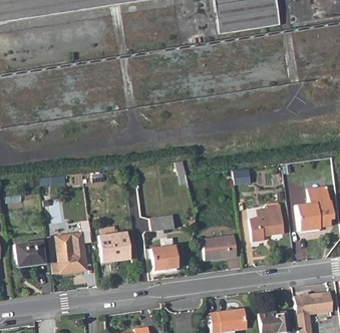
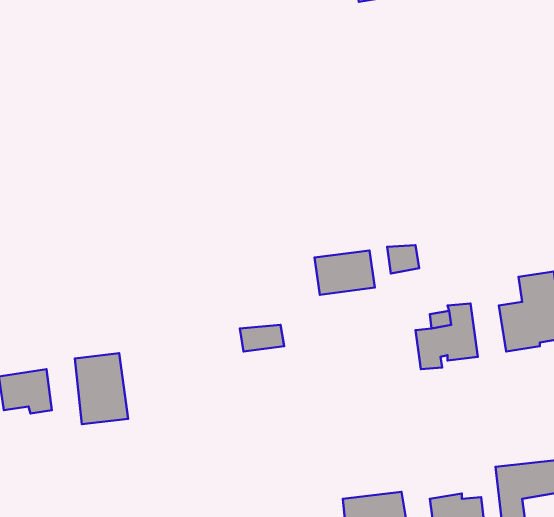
building: [99,232,130,263] -> none
building: [203,235,237,260] -> [315,250,375,295]
building: [151,246,177,270] -> none

